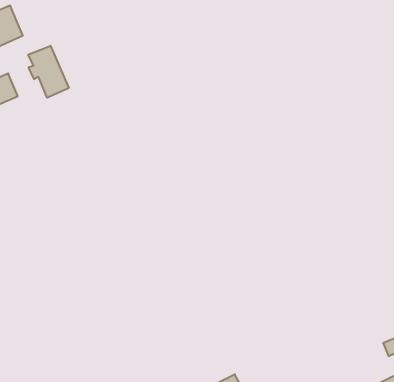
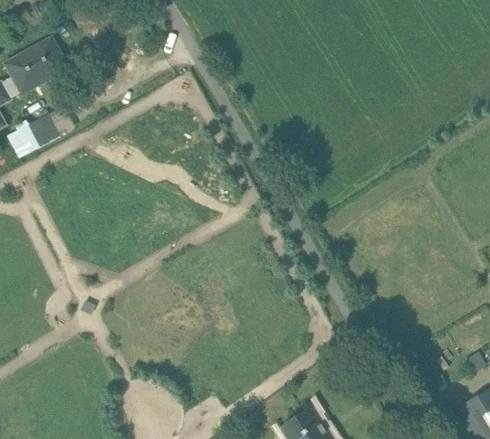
building: [28,46,69,98] -> none

